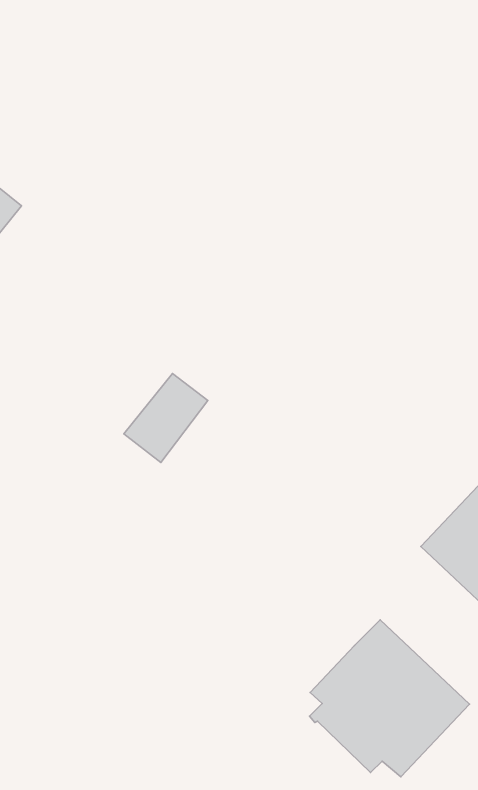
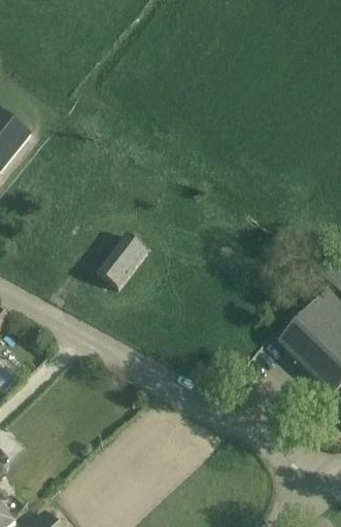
building: [309,620,470,777] -> none

